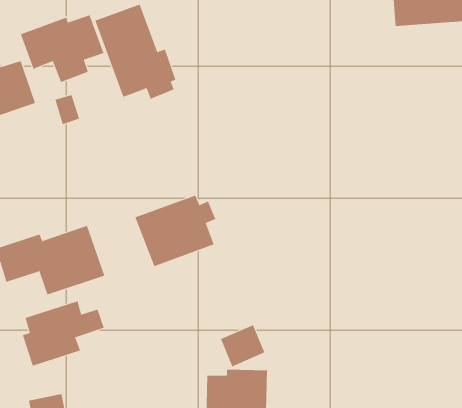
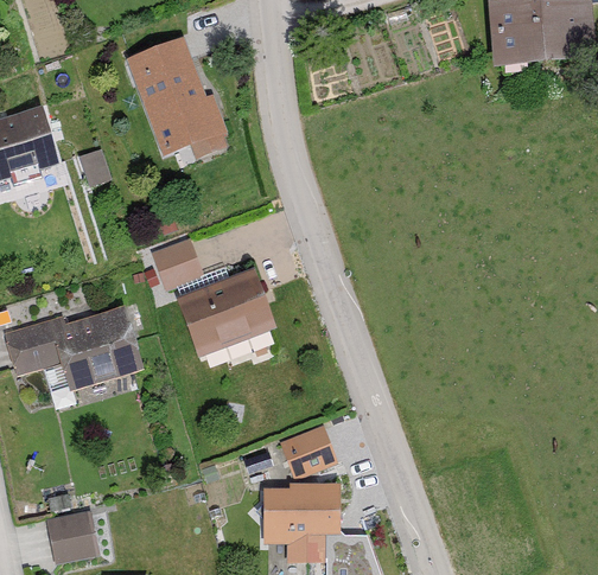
building: [20,14,104,83] -> none
building: none -> [151,237,205,292]
building: [22,300,104,367] -> none

